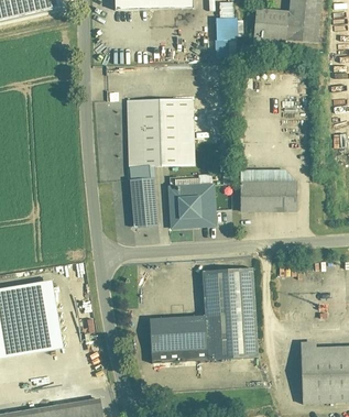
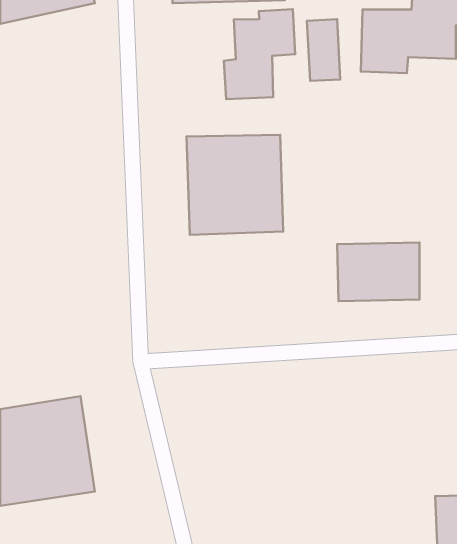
building: none -> [224,9,295,99]
building: [129,178,153,227] -> none
building: [168,186,211,229] -> none
building: [152,270,262,360] -> none

